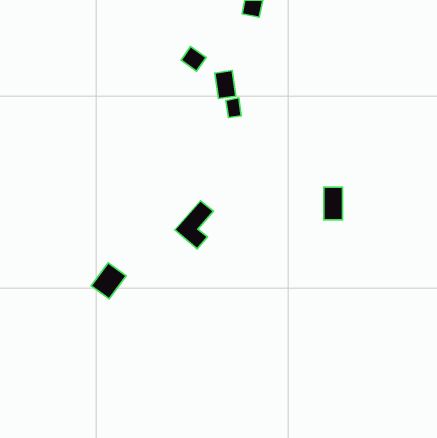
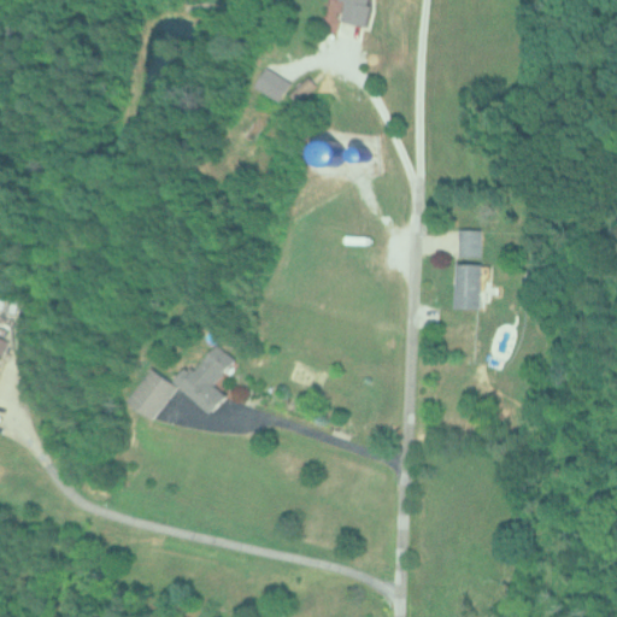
building: [215,71,236,99] -> none
building: none -> [458,230,481,258]
building: [175,201,213,249] -> [180,346,234,413]

